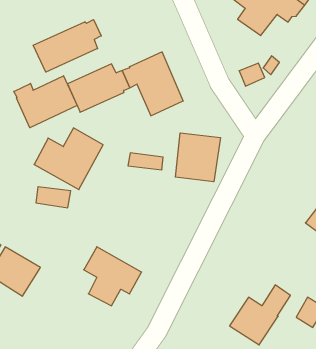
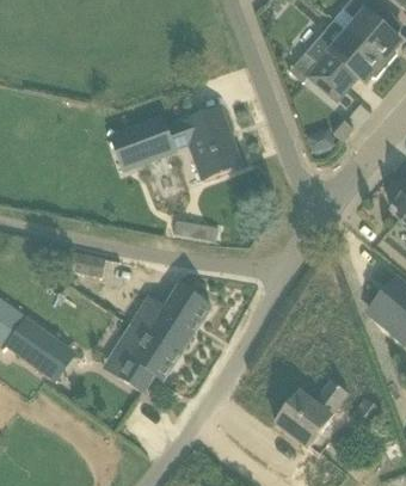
building: [33,20,101,72] -> none
building: [14,76,77,128] -> none
building: [34,128,103,190] -> [130,284,210,355]
building: [175,133,220,182] -> none

